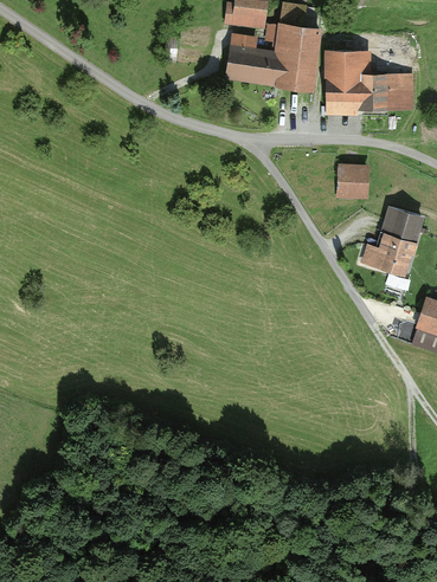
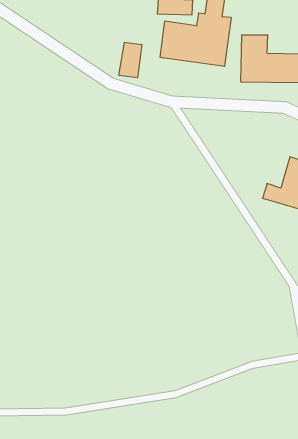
building: none -> [119,42,142,78]
building: [334,168,372,195] -> none

